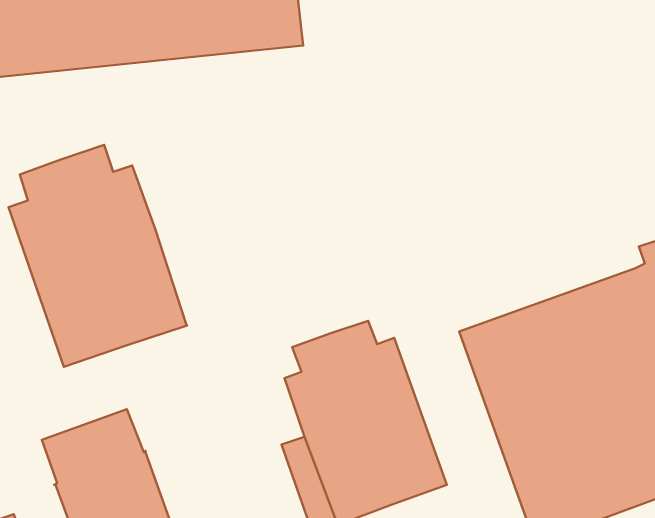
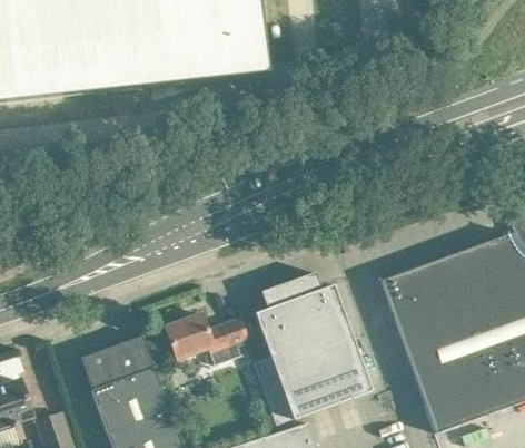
building: [9,145,187,367] -> none
building: none -> [165,313,247,364]

